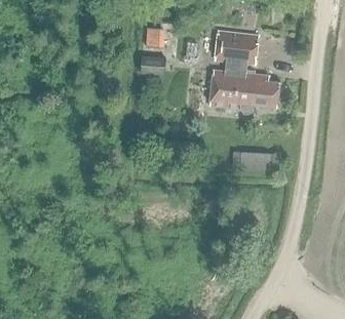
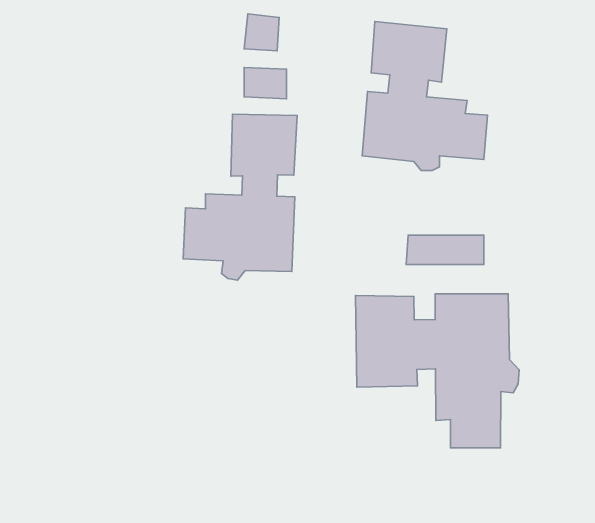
building: none -> [183,114,297,280]
building: none -> [355,294,519,448]

